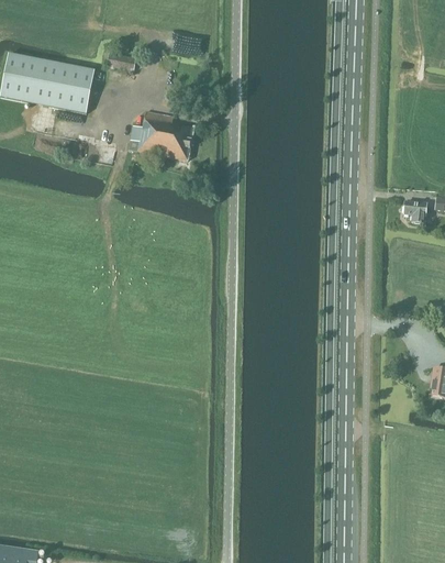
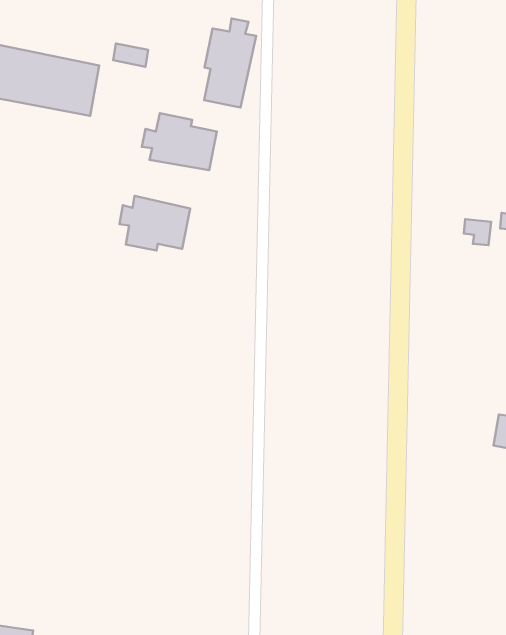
building: none -> [204,19,256,107]
building: none -> [119,196,190,250]

